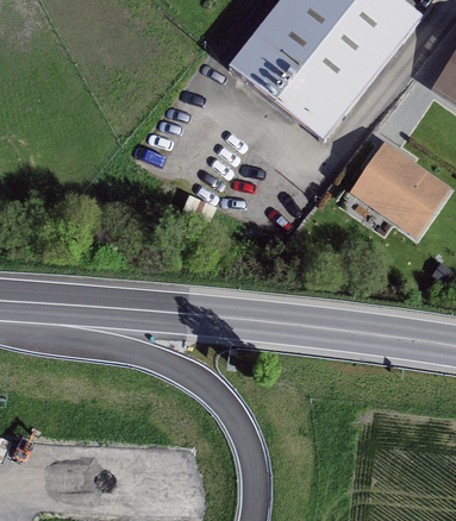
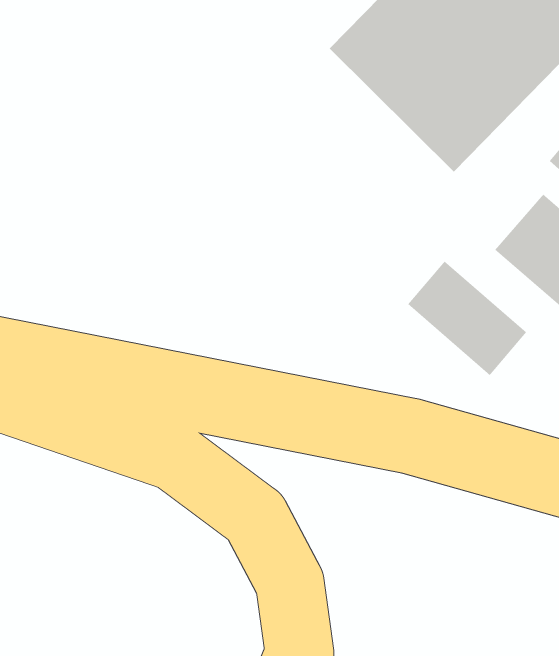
building: none -> [407,261,527,376]

